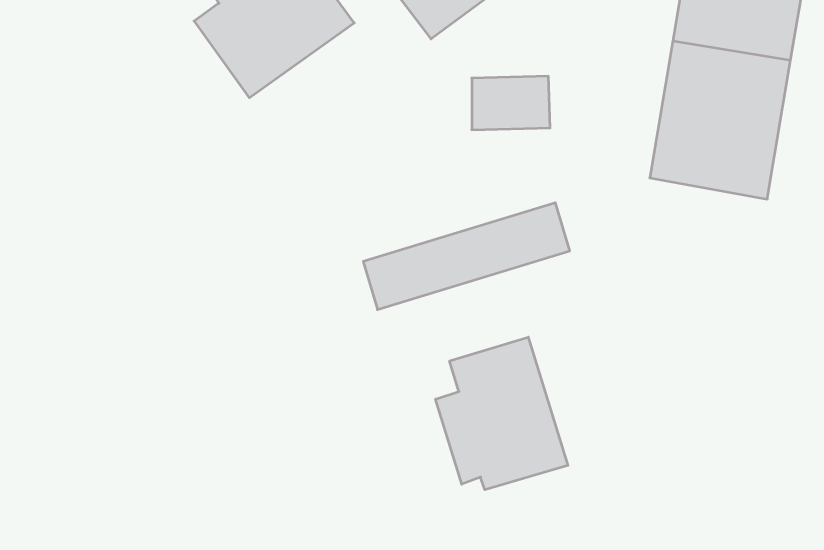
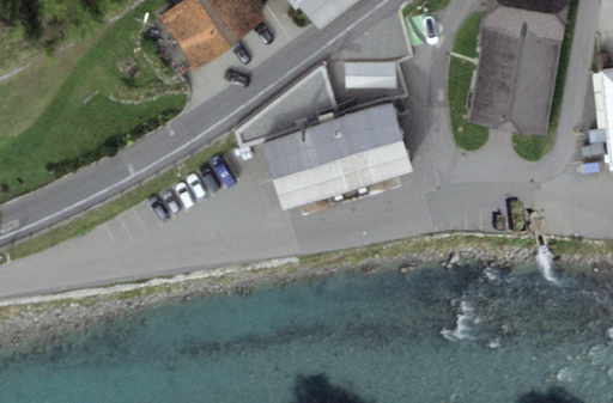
building: none -> [262,102,402,177]
building: [436,337,568,490] -> none

